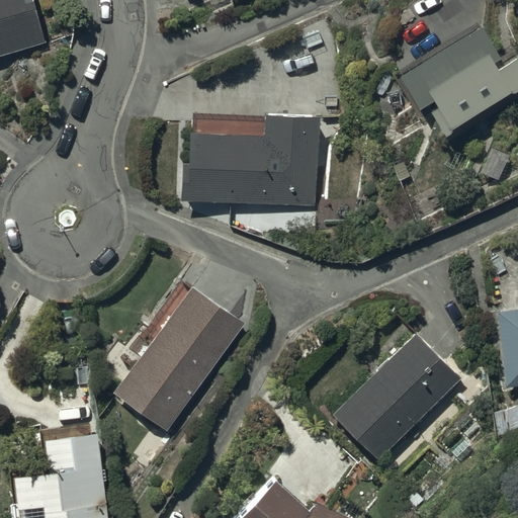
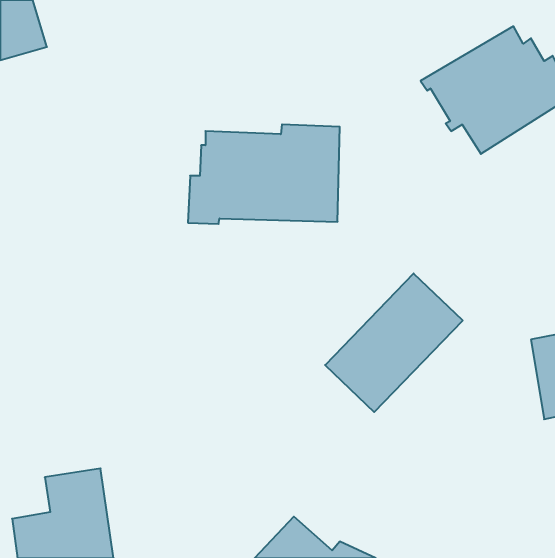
building: [114,281,246,432] -> none
building: [334,334,461,462] -> [325,273,463,412]

